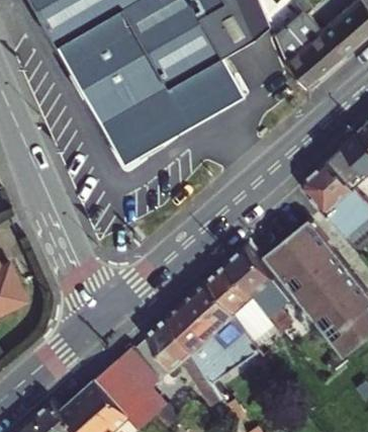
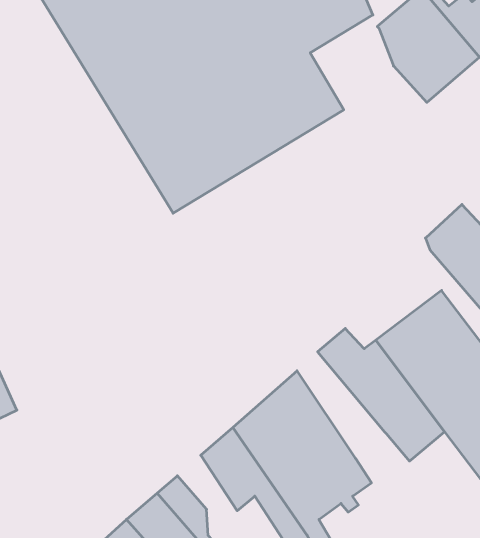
building: [214,260,276,334] -> none

